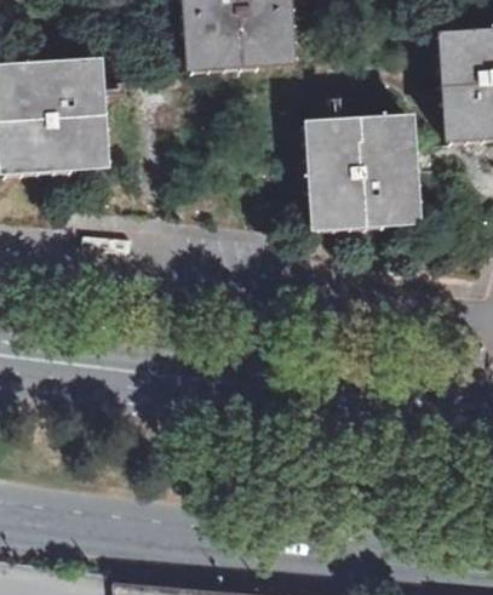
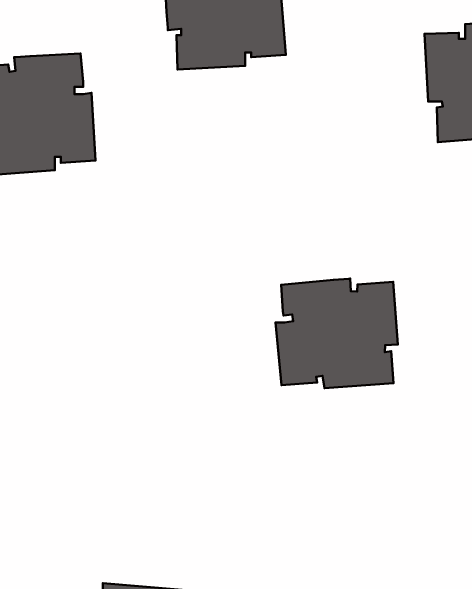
building: [302,114,422,234] -> none
building: none -> [275,279,398,388]

